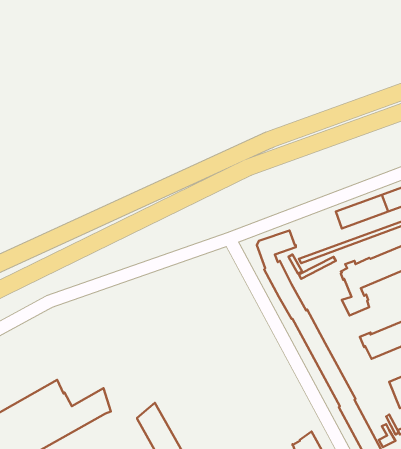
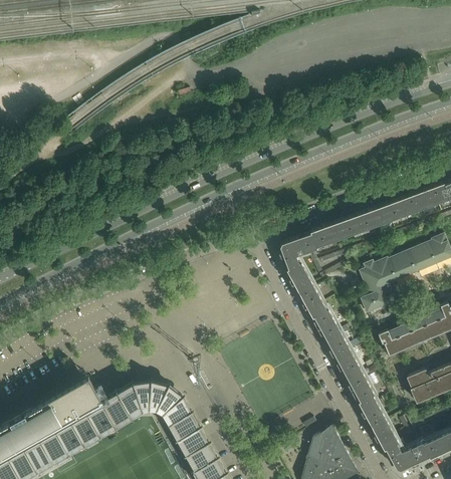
building: none -> [310,216,362,248]
building: none -> [134,383,183,413]

